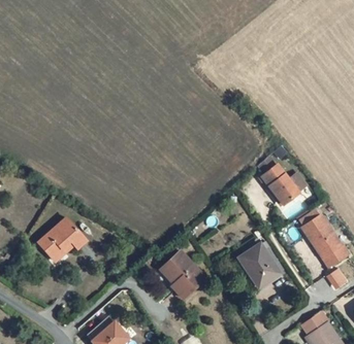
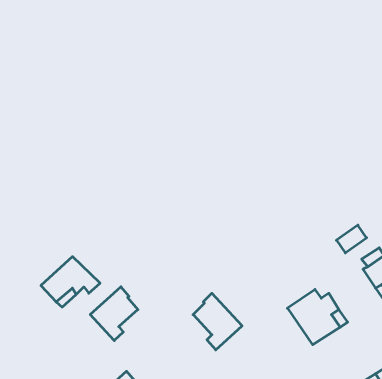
building: [256,162,301,202] -> none
building: none -> [90,287,138,341]

